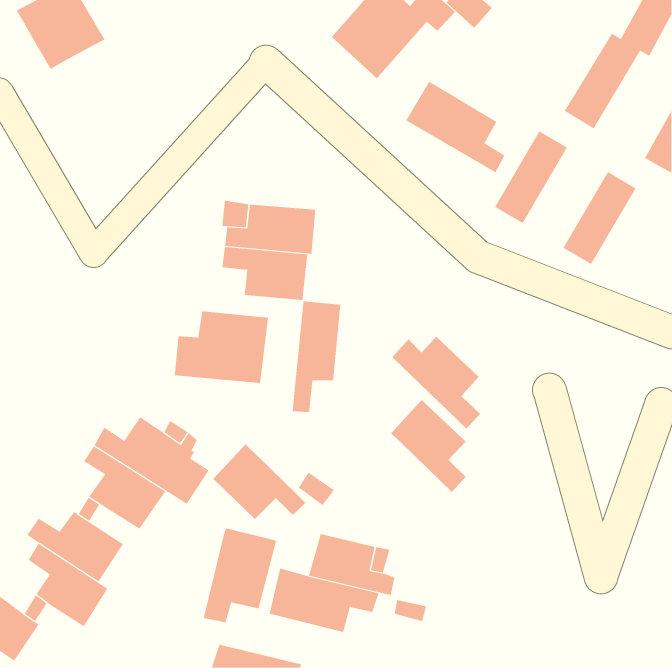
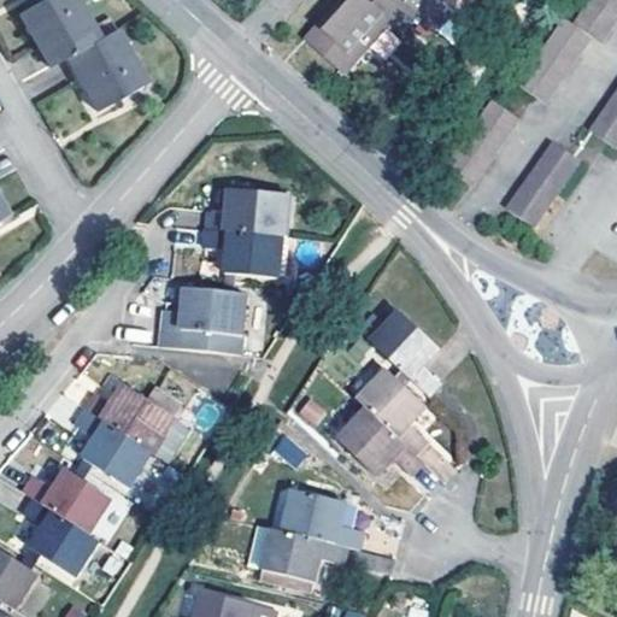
building: none -> [63,25,143,107]
building: [406,81,505,173] -> none
building: [292,300,341,413] -> none
building: [213,443,306,520] -> [336,405,422,475]
building: [203,527,277,623] -> none

